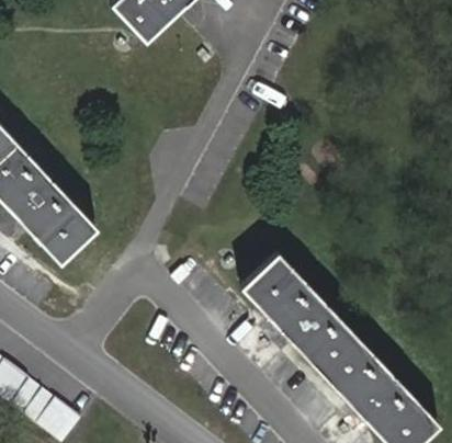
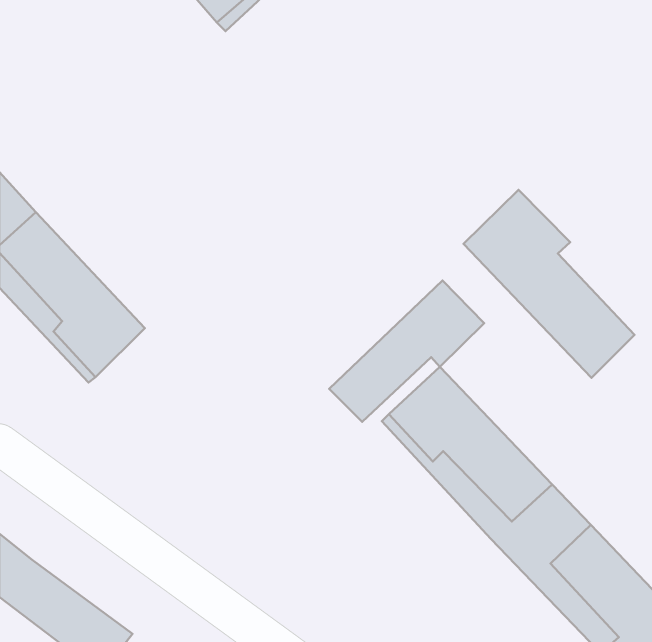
building: none -> [463,190,634,378]
building: none -> [329,281,484,422]

